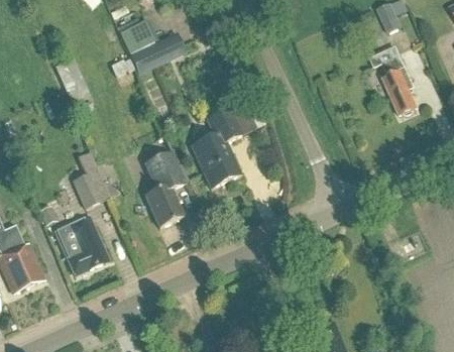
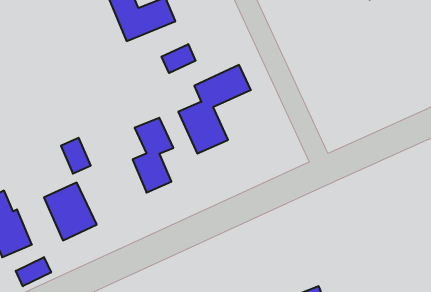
building: [368,46,419,116] -> none
building: none -> [162,44,196,73]
building: none -> [16,257,51,286]

